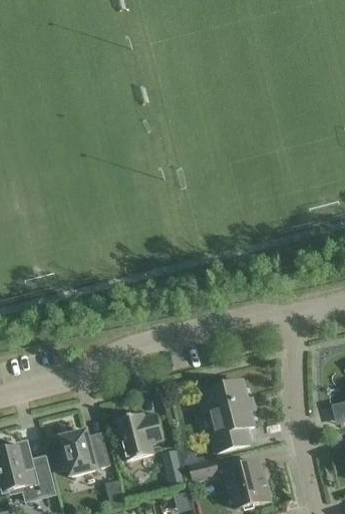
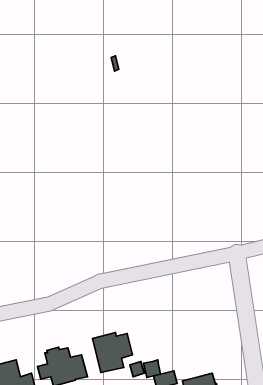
building: [202,379,255,451] -> none

